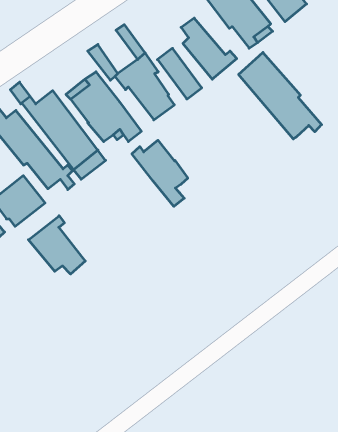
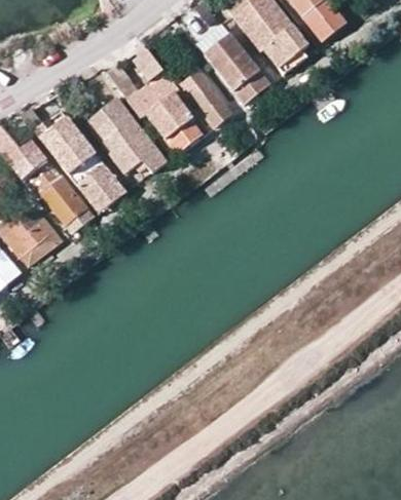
building: [239,52,322,139] -> none
building: [132,140,188,206] -> none
building: [28,216,85,274] -> none

